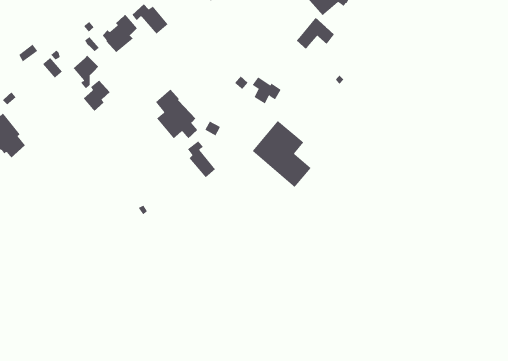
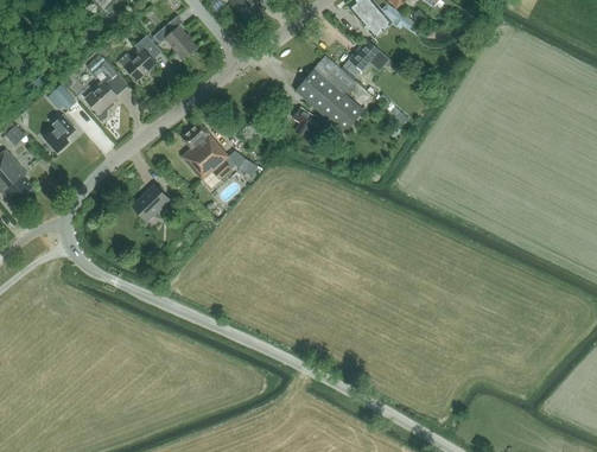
building: [83,80,111,112] -> [44,116,76,153]
building: [252,120,311,188] -> [296,56,364,134]
building: [187,141,216,178] -> none
building: none -> [133,185,169,222]

